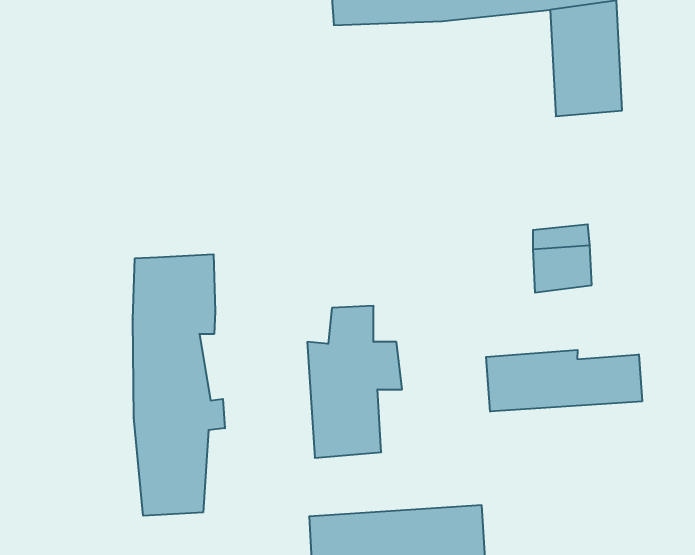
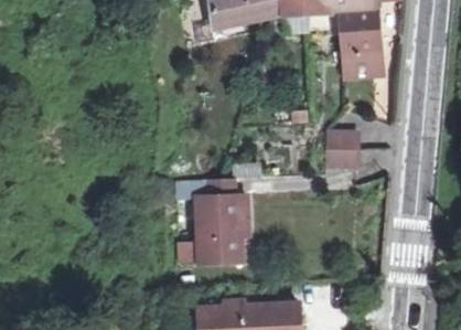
building: [133,254,225,516] -> none
building: [486,350,642,412] -> none

